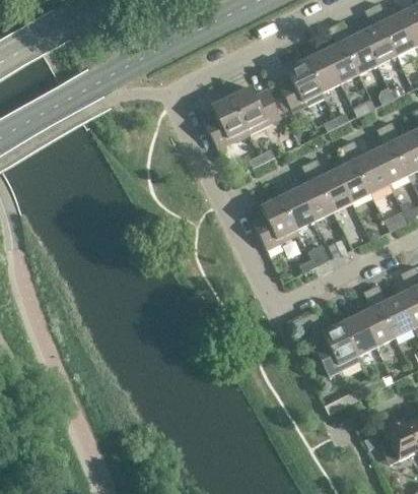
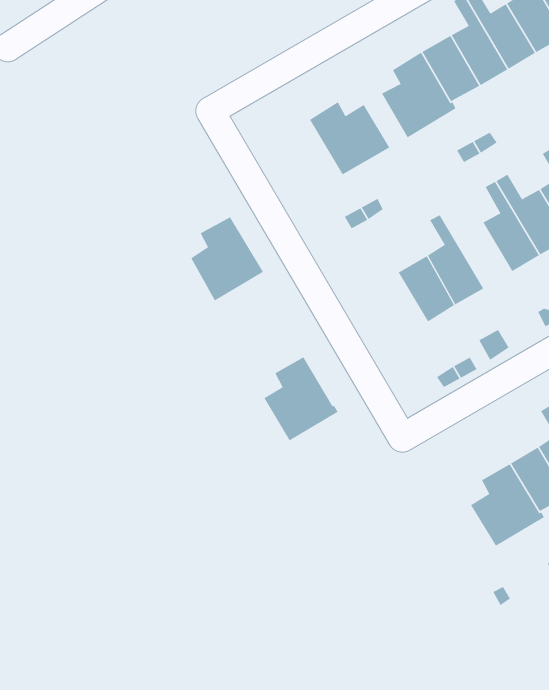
building: [205,96,251,148] -> [190,216,264,301]
building: [310,158,353,210] -> none
building: [254,196,300,249] -> [263,356,339,441]

